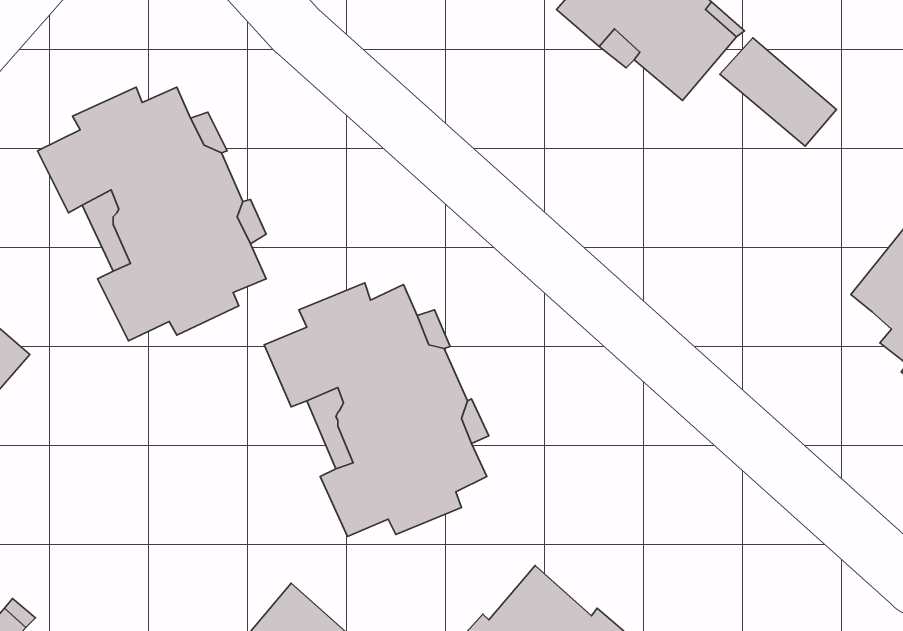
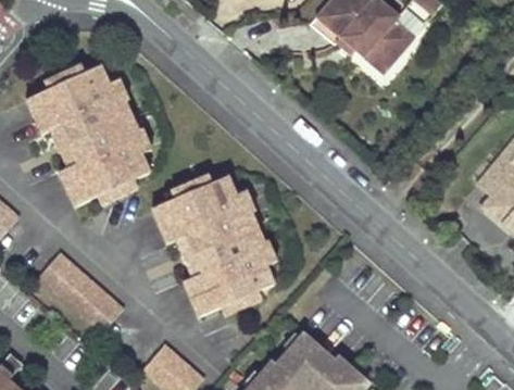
building: [720,38,836,146] -> none
building: none -> [38,252,124,334]

